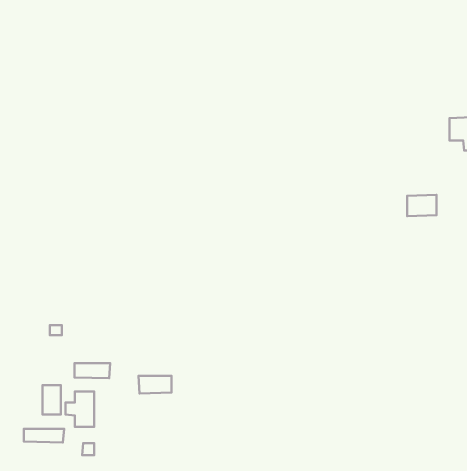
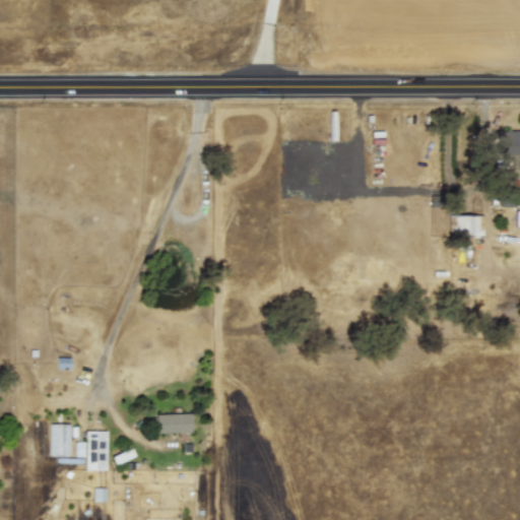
building: [74,363,110,378] -> none
building: [24,429,64,442] -> none

